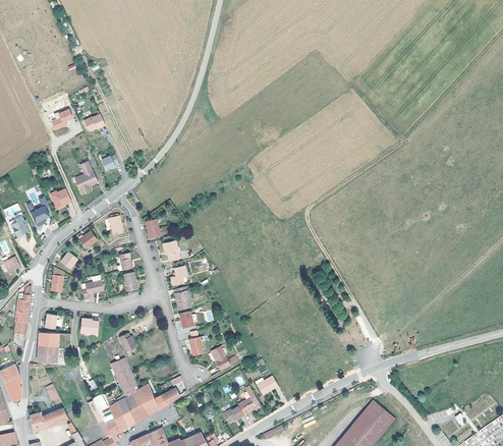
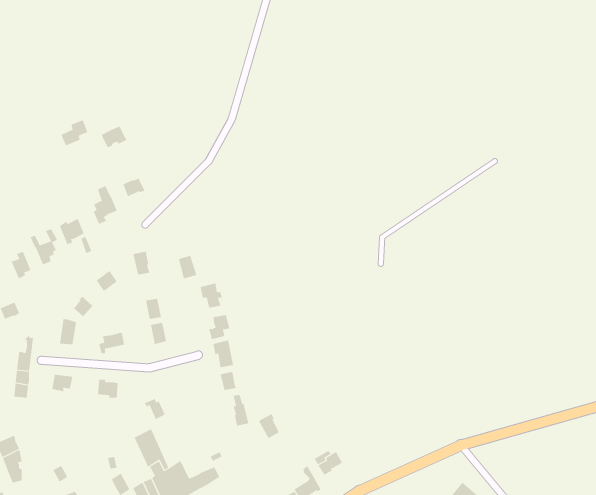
building: [36,332,72,361] -> none

